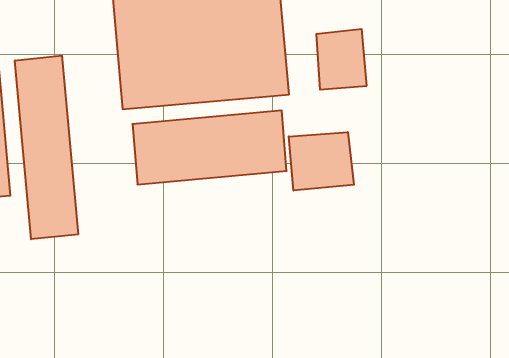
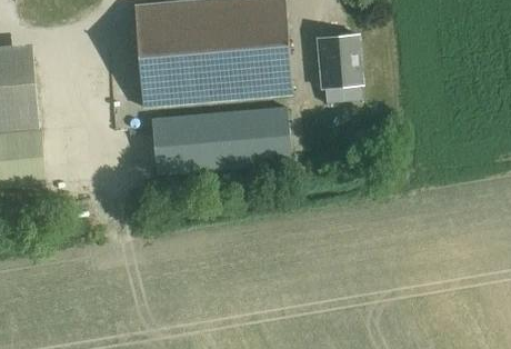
building: [15,56,78,239] -> none
building: [289,132,354,191] -> none

